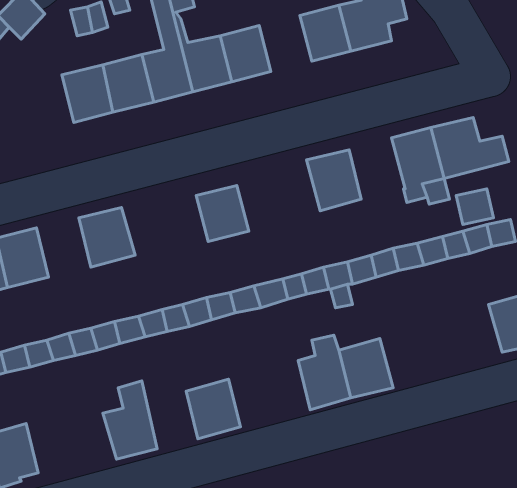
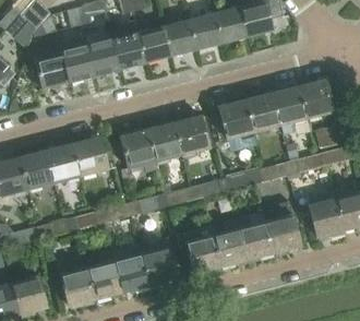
building: none -> [189,13,223,49]
building: none -> [33,43,70,88]
building: none -> [247,92,283,131]
building: none -> [175,115,209,152]
building: none -> [121,129,158,171]
building: none -> [46,143,81,181]
building: none -> [309,190,345,237]
building: none -> [266,200,301,252]
building: none -> [187,235,221,273]
building: none -> [113,241,149,292]
building: none -> [62,269,97,306]

